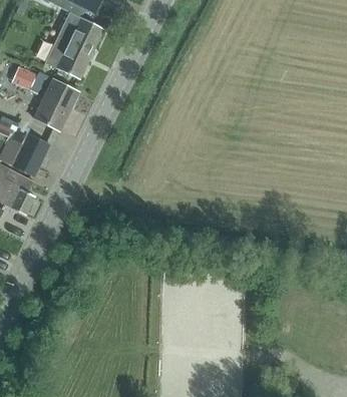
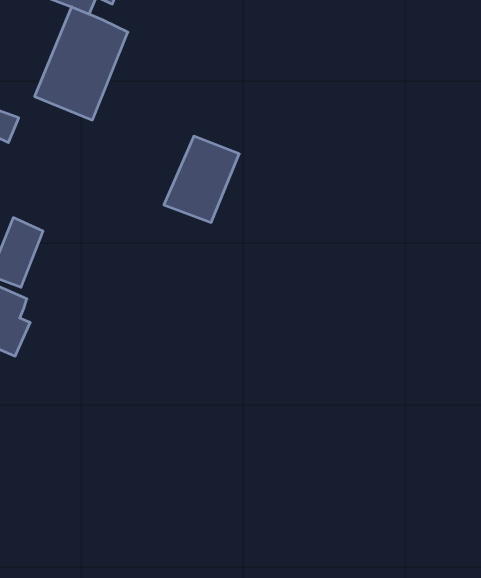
building: [33,79,79,130] -> [164,136,239,222]

